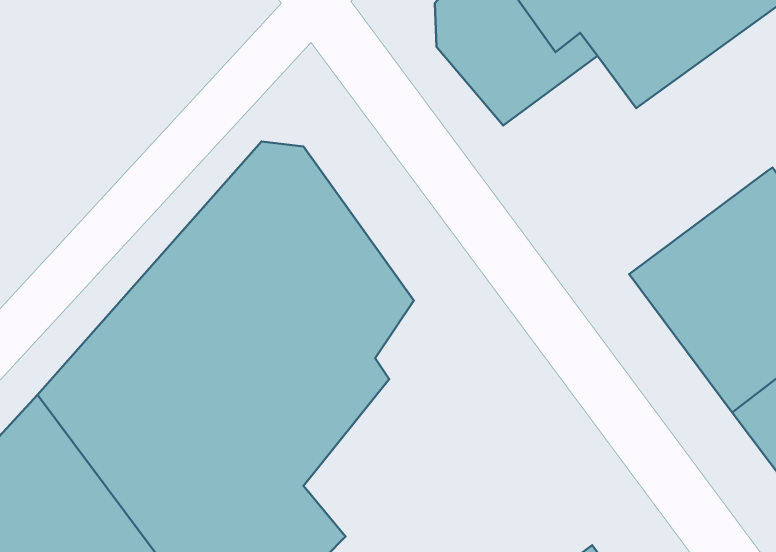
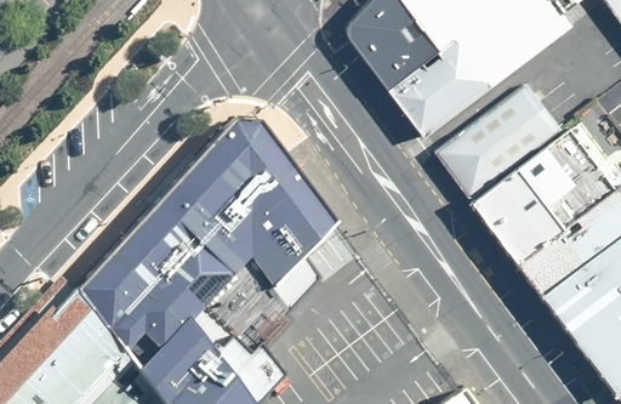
building: none -> [394,55,486,141]
building: none -> [446,89,577,206]

